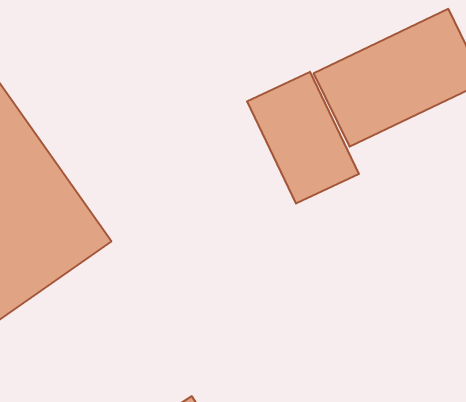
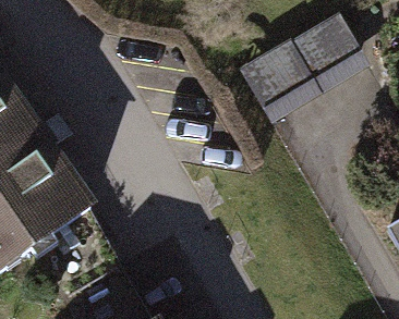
building: [247,72,359,204] -> none

